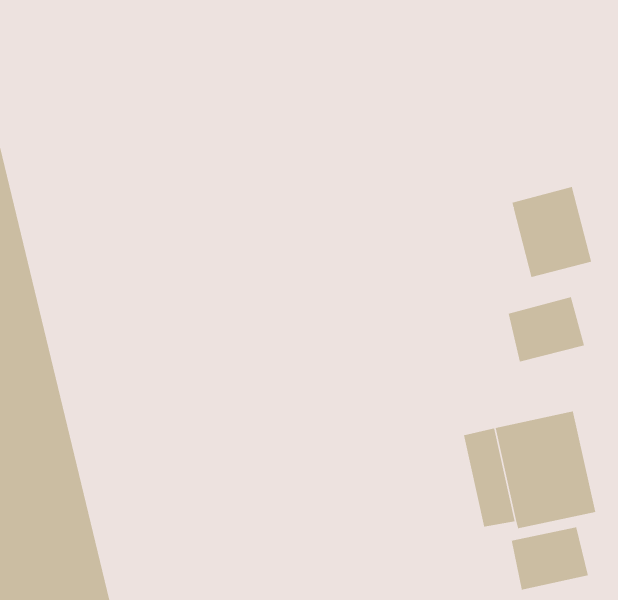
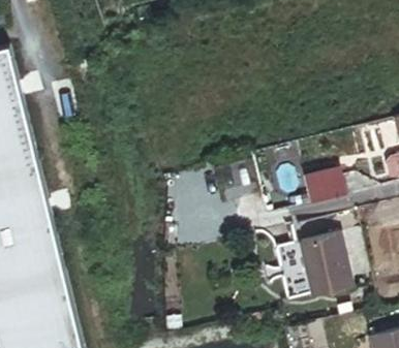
building: [512,186,592,278] -> none
building: [511,526,589,591] -> none

